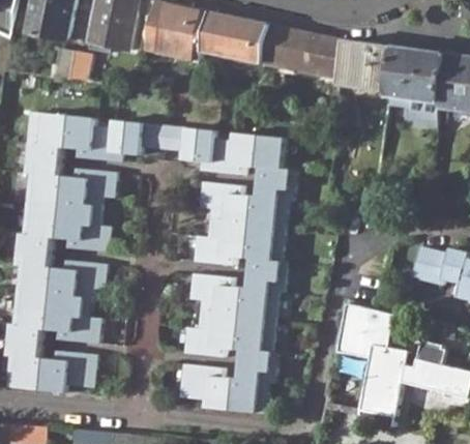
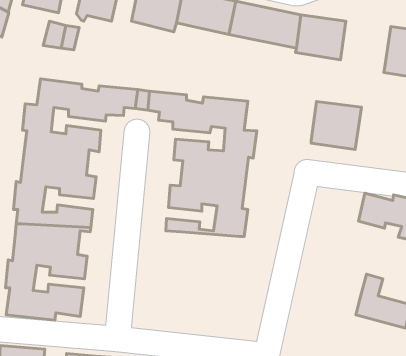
building: [391,48,449,102] -> [311,102,362,149]
building: [178,289,275,413] -> none
building: [335,300,414,418] -> none

